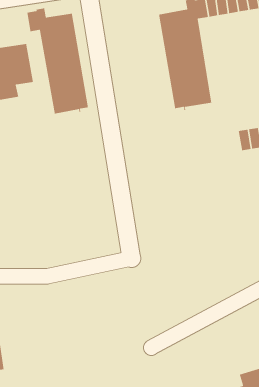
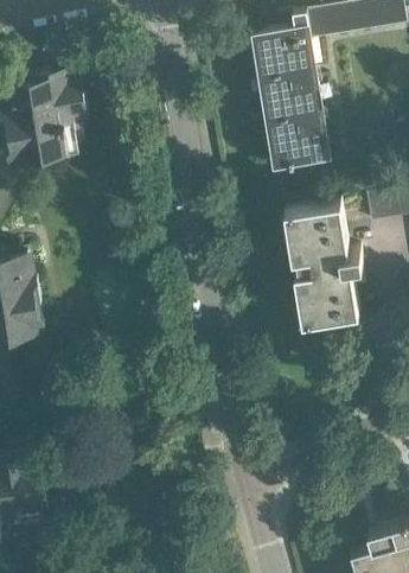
building: [27,7,89,114] -> none
building: none -> [283,200,362,321]

